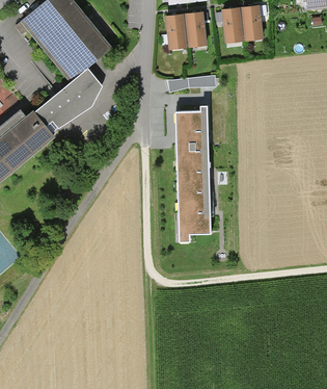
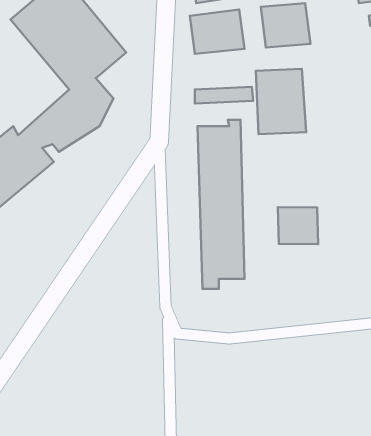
building: none -> [256,69,306,134]
building: none -> [278,207,318,244]

